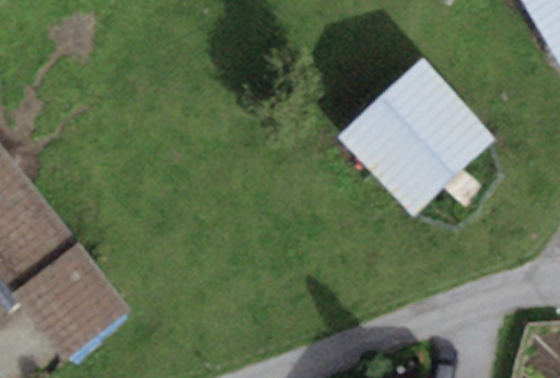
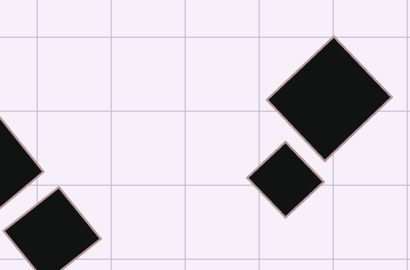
building: none -> [247,142,324,218]

